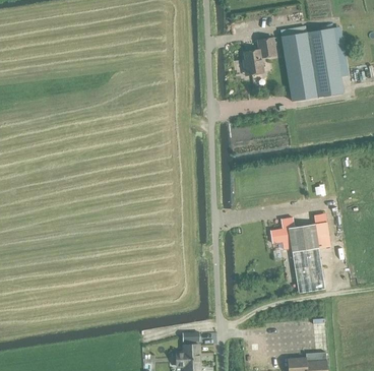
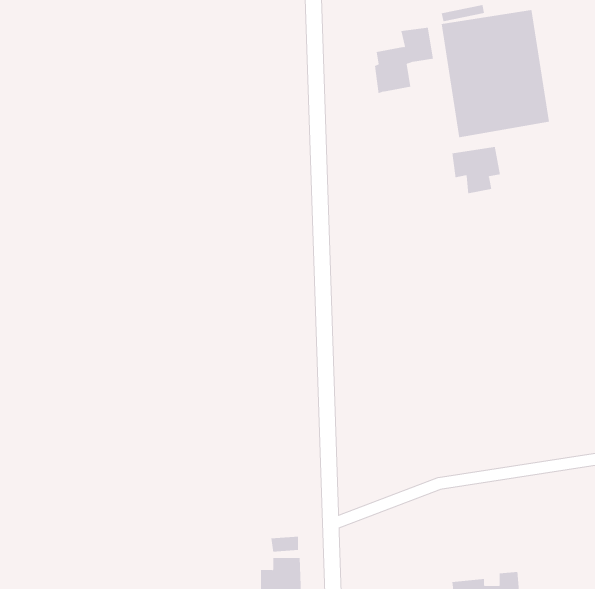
building: none -> [452,146,501,194]
building: [270,217,331,293] -> none

